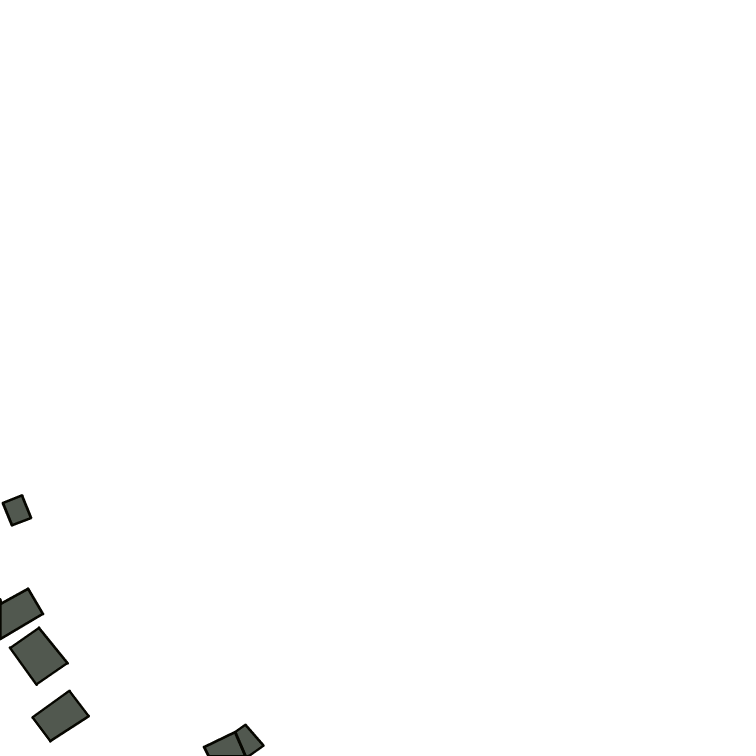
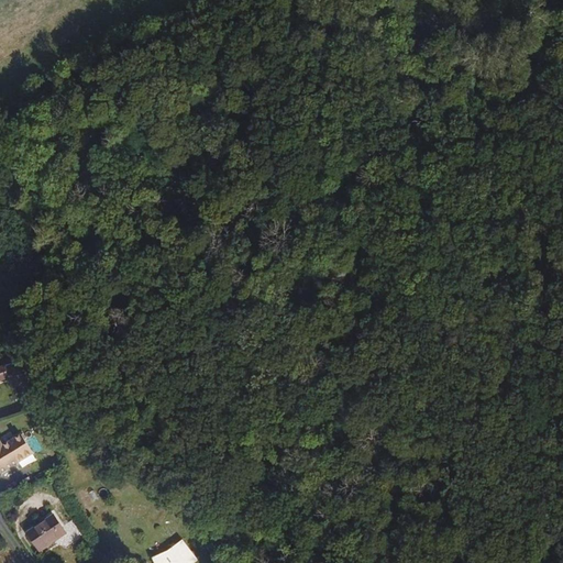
building: [10,628,68,685] -> none

